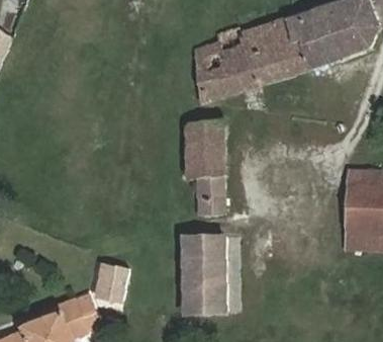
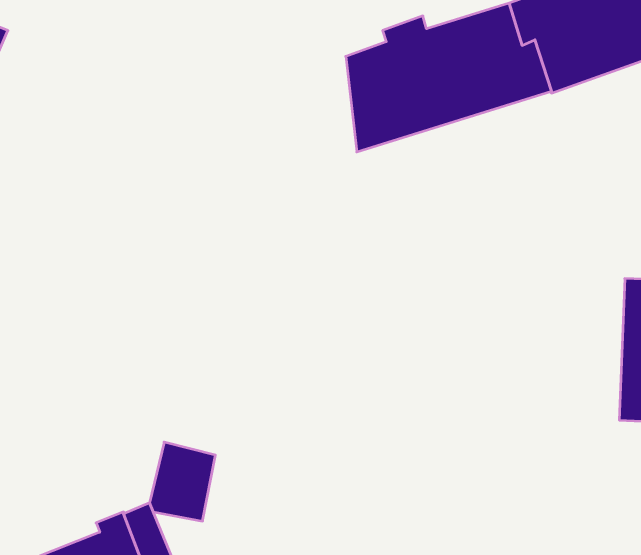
building: [187,121,224,212] -> none
building: [180,239,227,311] -> none

